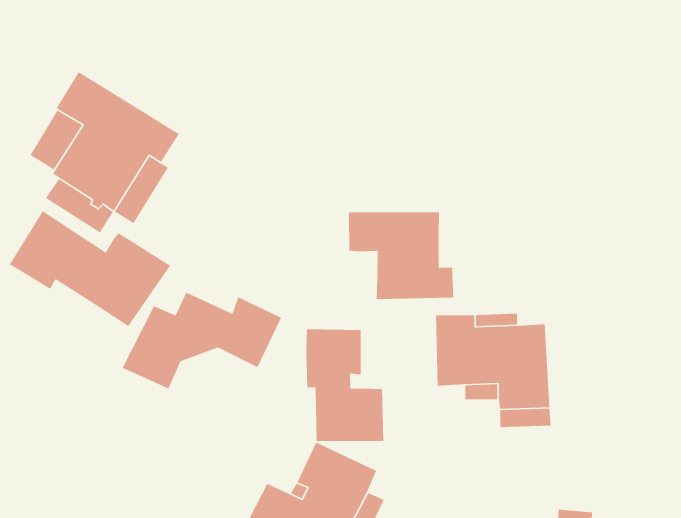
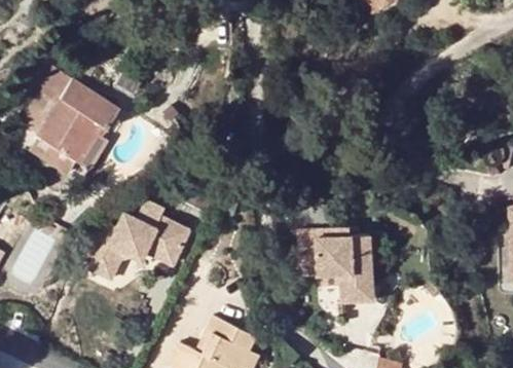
building: [9,210,171,327] -> none
building: [348,211,454,300] -> none
building: [305,329,384,442] -> none

